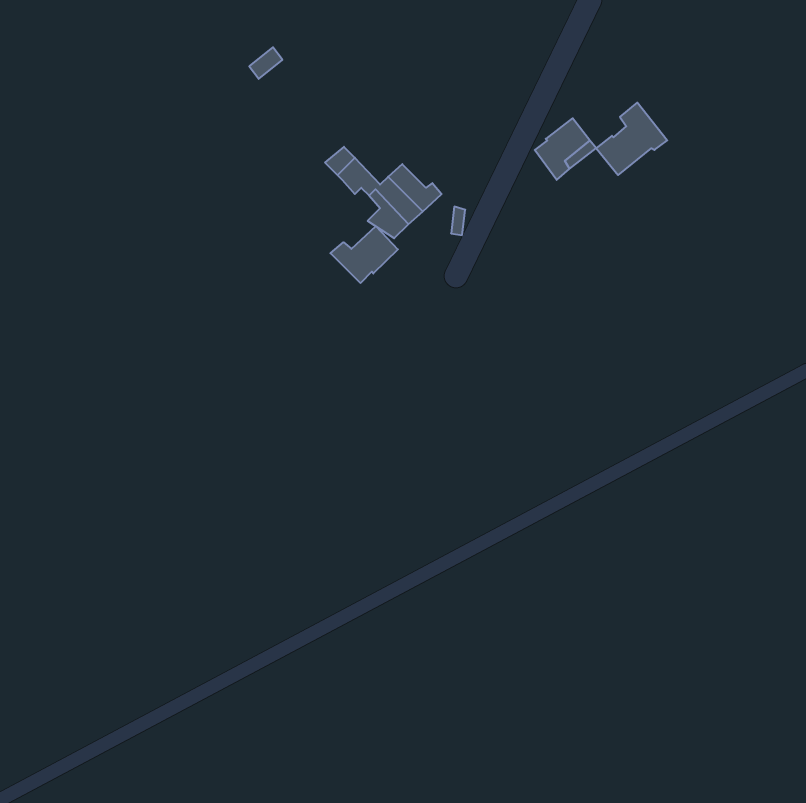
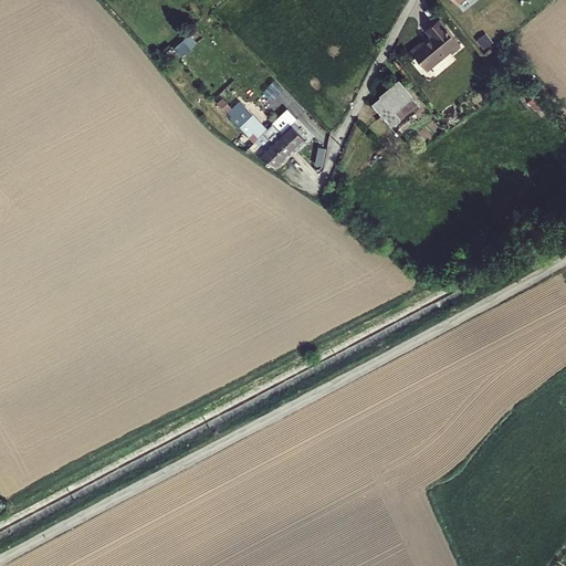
building: [596,103,667,175] -> [409,19,459,70]
building: [330,226,398,283] -> none

